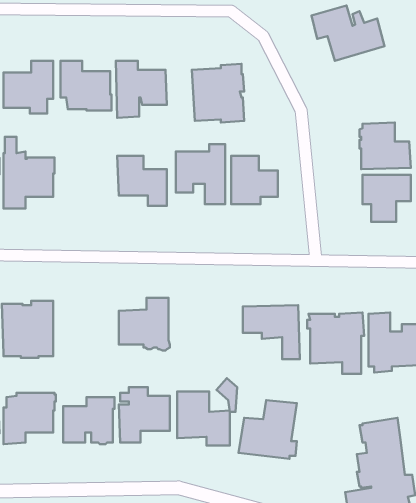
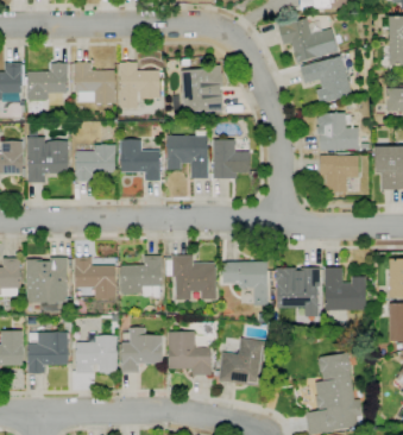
building: none -> [300,56,352,105]
building: none -> [75,144,117,182]
building: none -> [166,256,216,301]
building: none -> [75,257,117,300]

